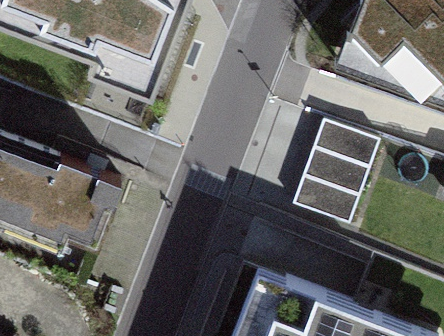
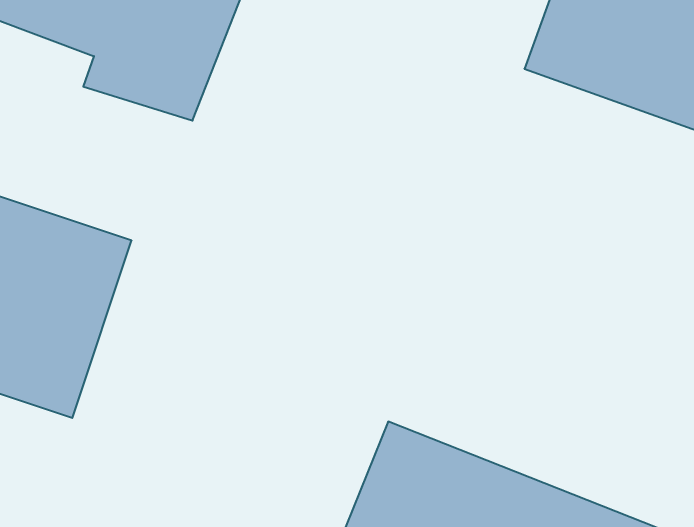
building: [295,120,380,221] -> none

